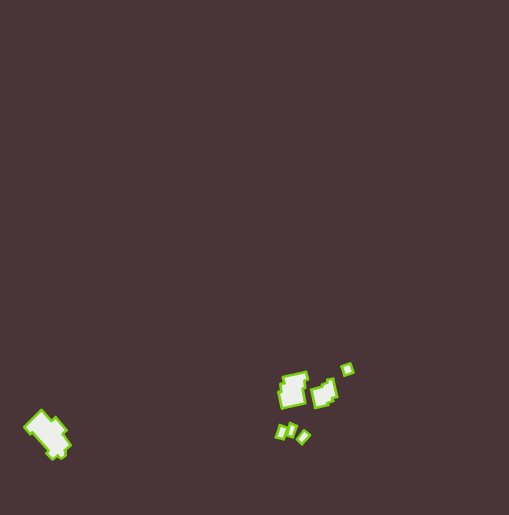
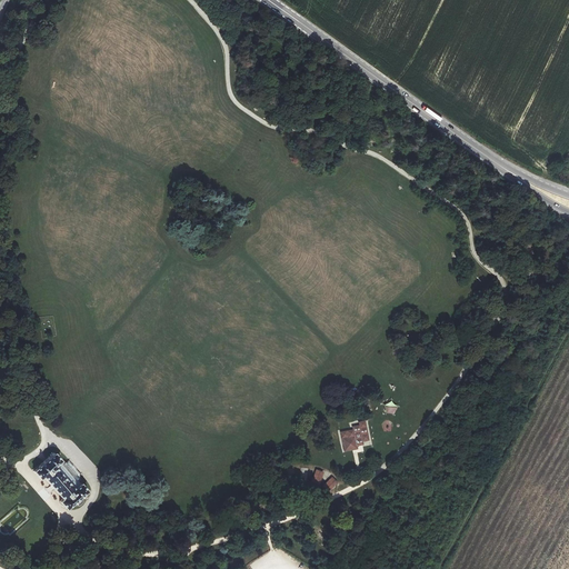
building: [279,372,308,409] -> none

